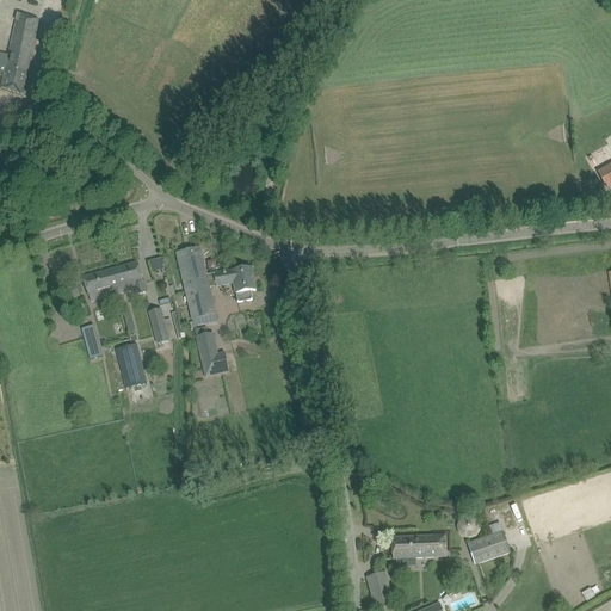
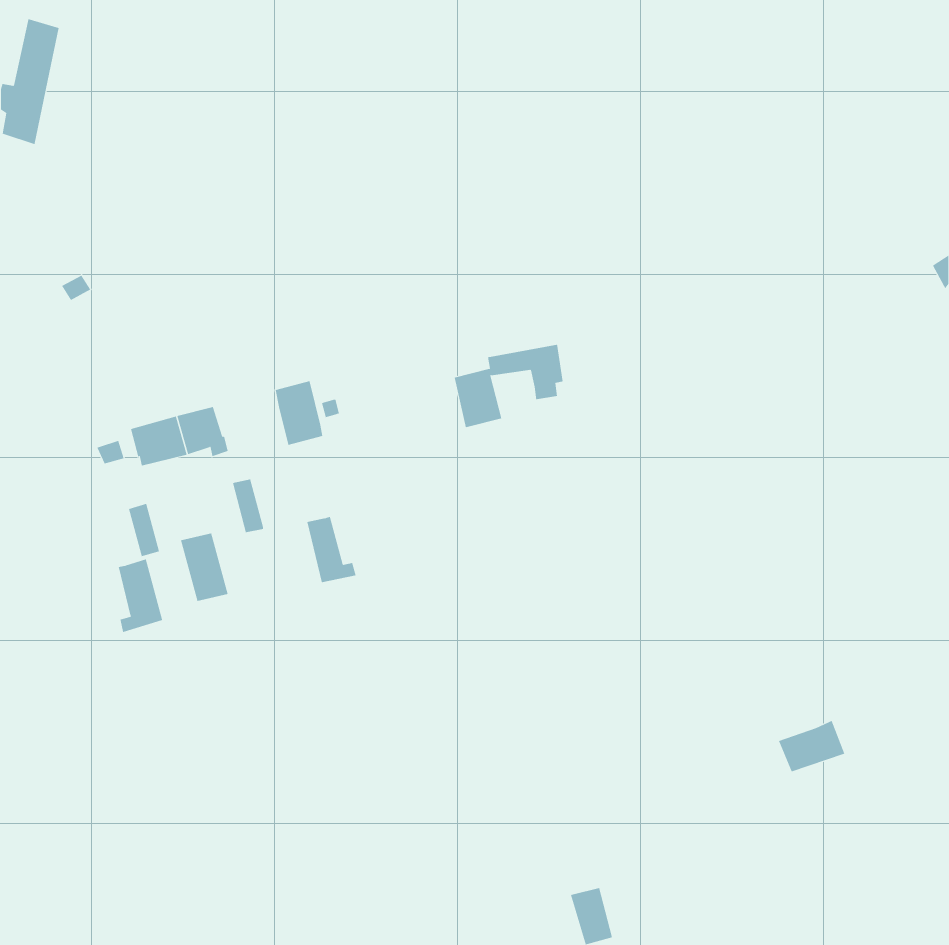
building: [185,265,255,319] -> [454,344,563,428]
building: none -> [118,559,163,633]
building: [468,530,511,563] -> [778,720,845,772]
building: [391,533,446,557] -> none

